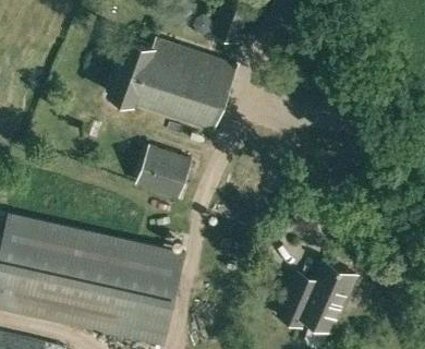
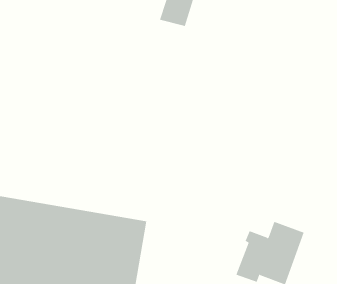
building: [109,38,234,131] -> none
building: [137,147,191,197] -> none

